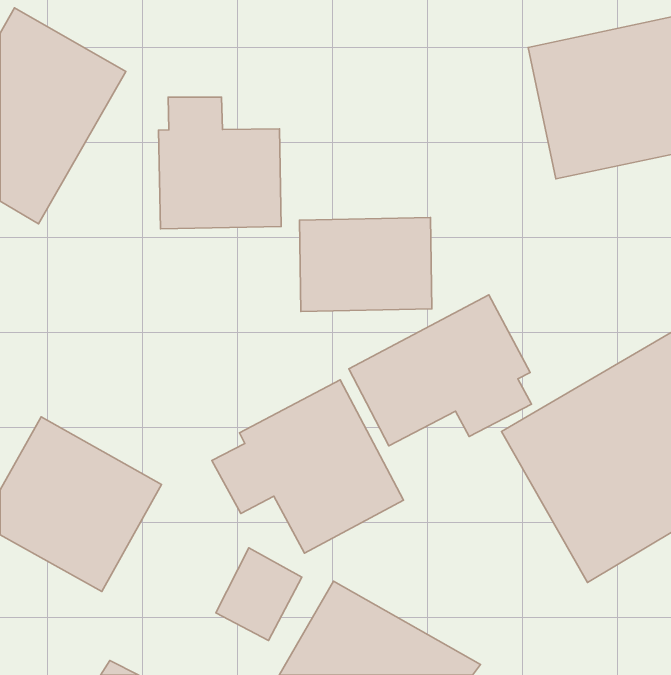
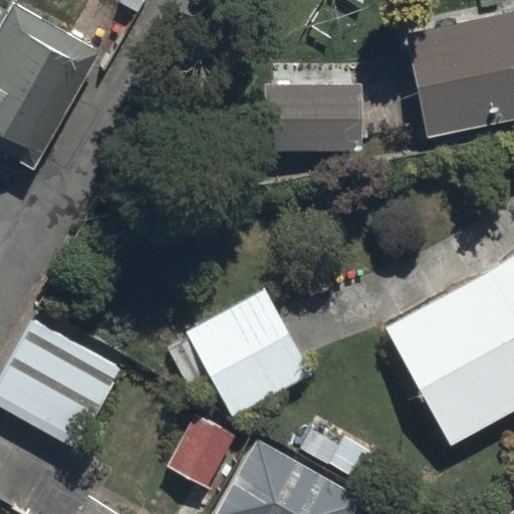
building: [158,97,281,229] -> none
building: [300,217,432,311] -> [261,82,361,154]
building: [349,295,532,446] -> none

